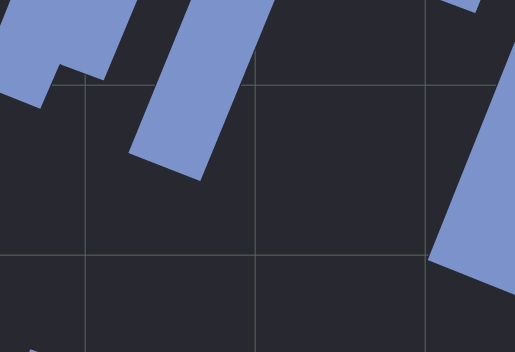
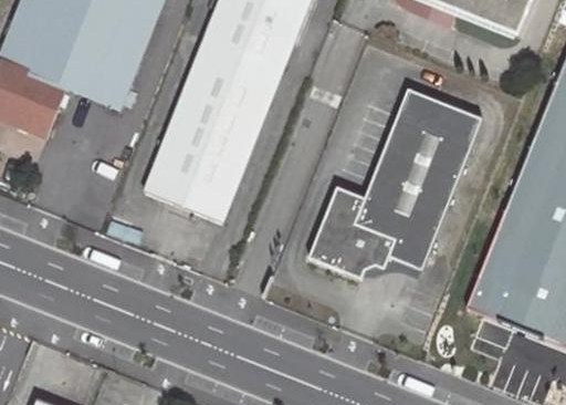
building: none -> [313,90,484,279]

